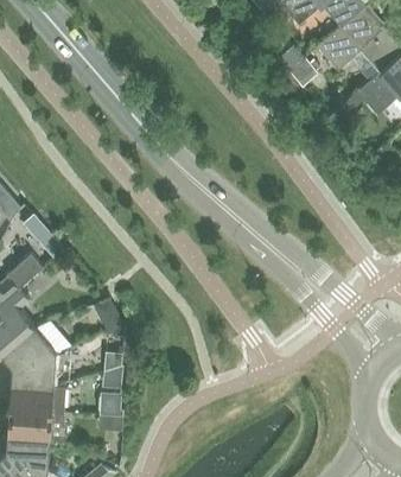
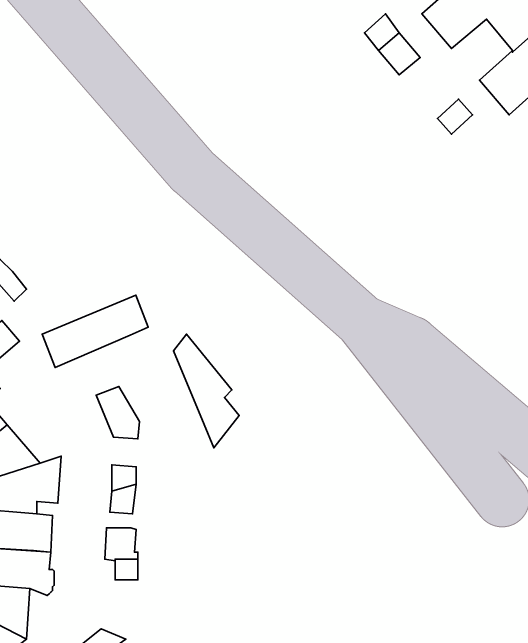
building: none -> [42,295,148,368]
building: none -> [173,334,239,448]

